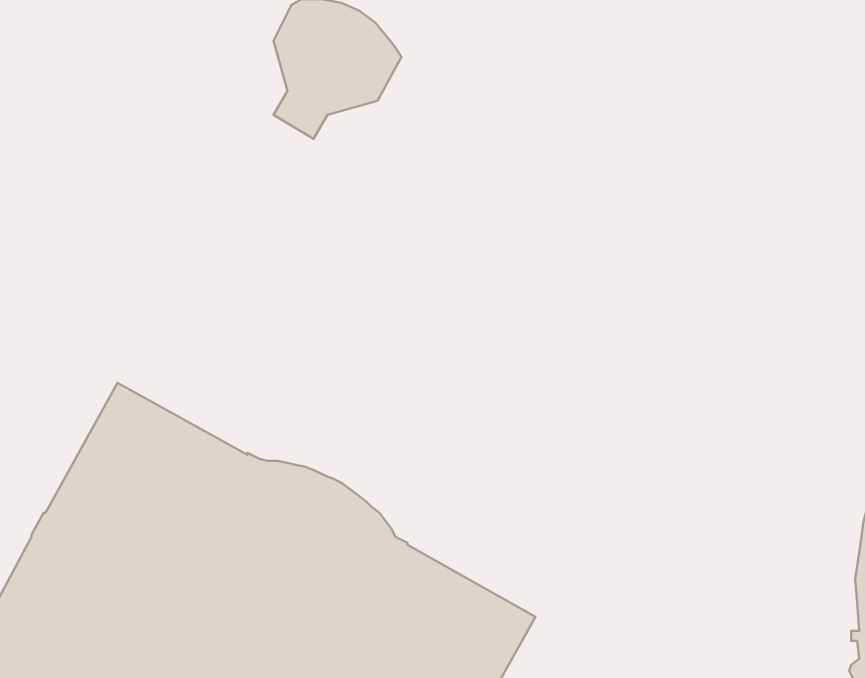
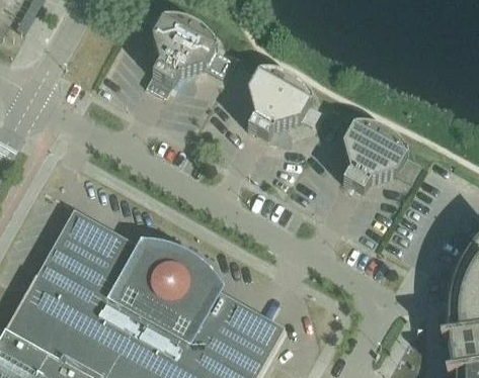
building: none -> [247,69,312,138]
building: none -> [342,122,407,192]

